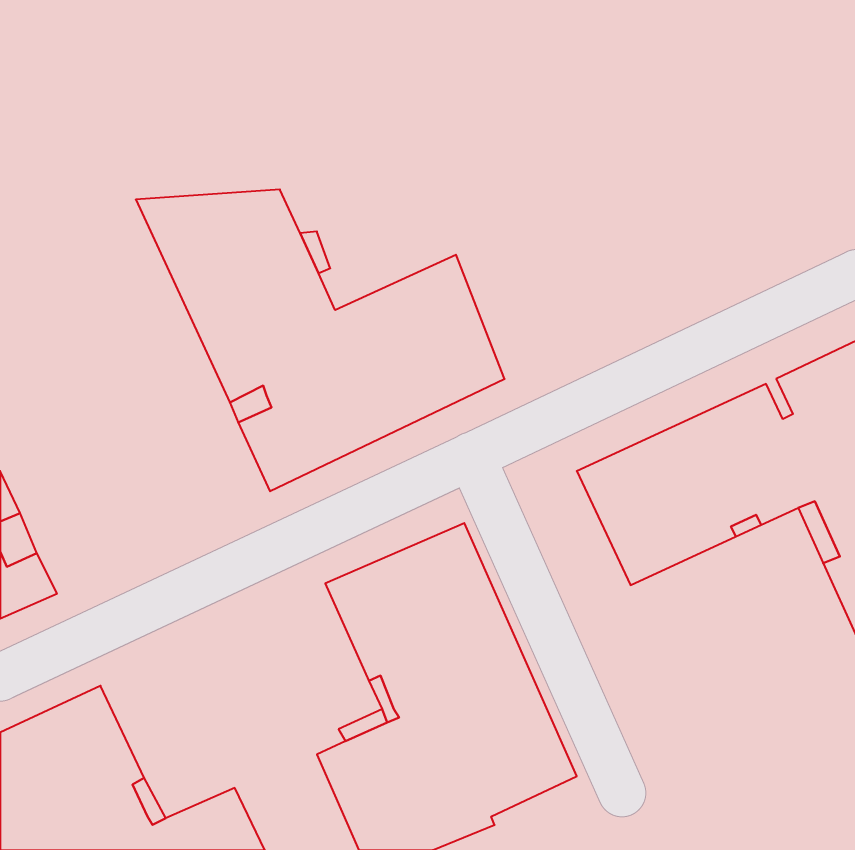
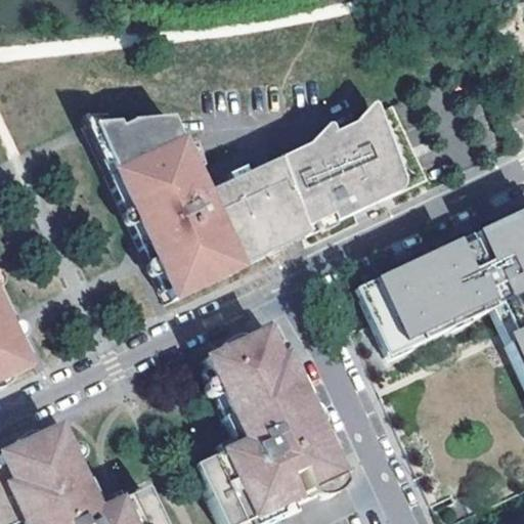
building: none -> [279,102,430,231]

